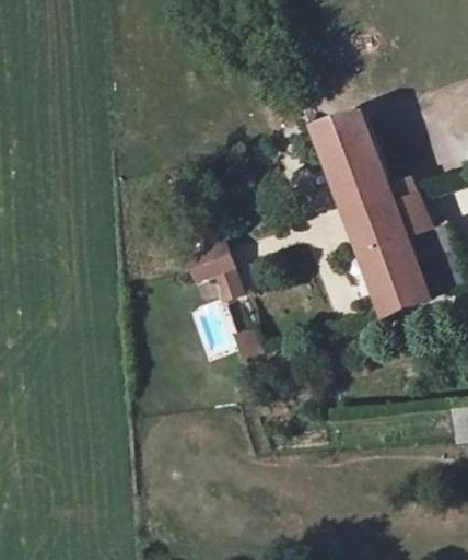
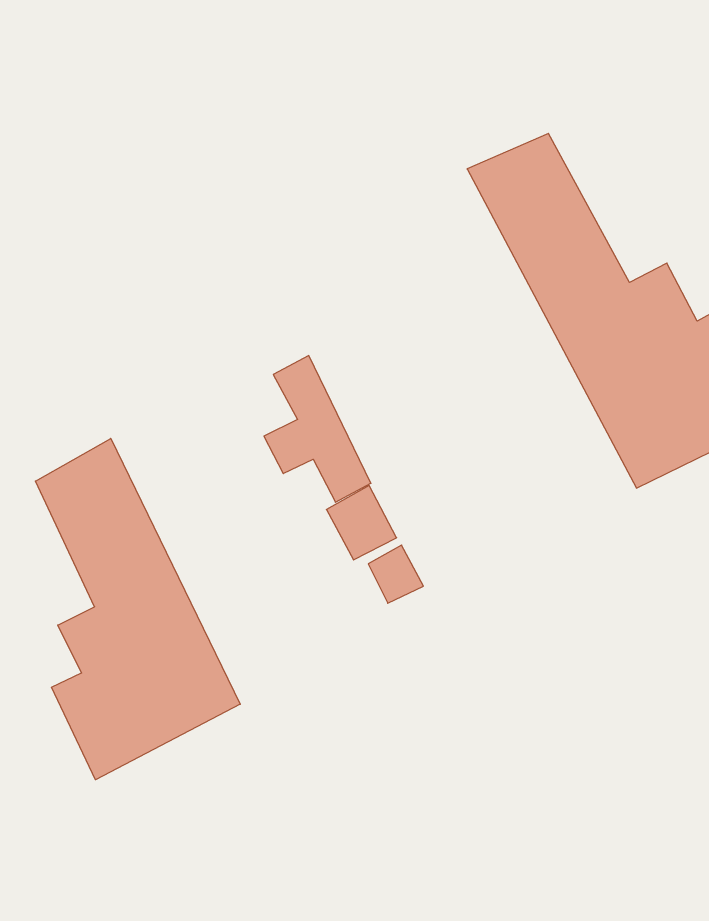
building: none -> [35,438,240,780]

